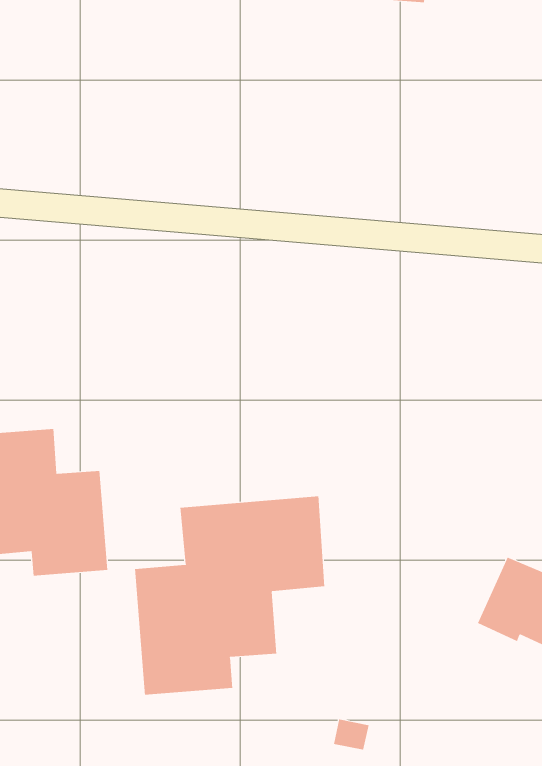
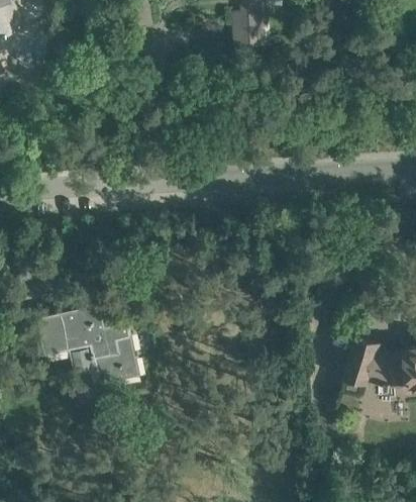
building: [135,496,325,695] -> none

